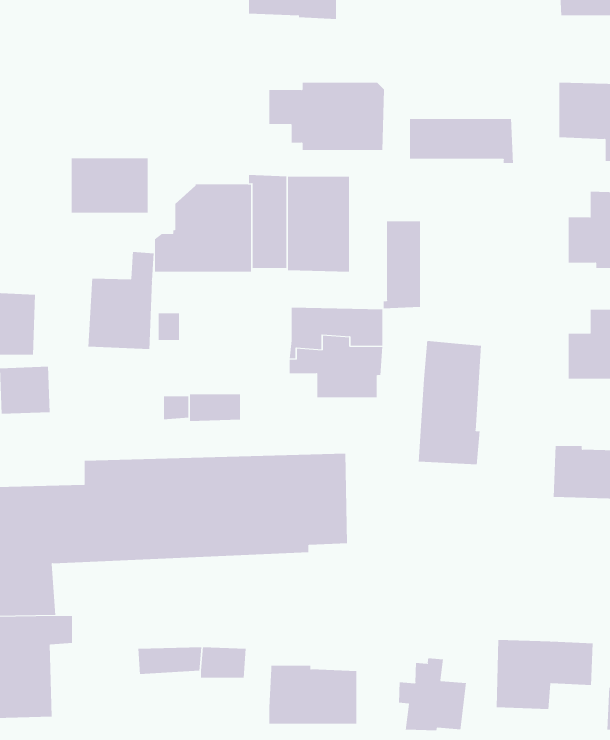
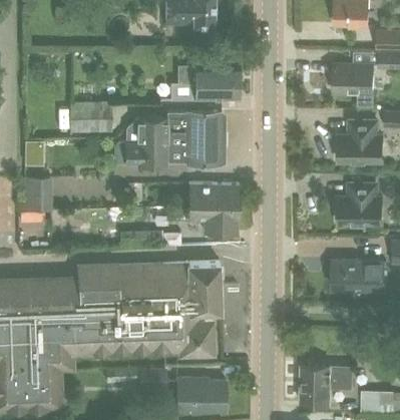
building: [409,118,513,164] -> none
building: [383,221,421,309] -> none
building: [88,251,154,350] -> none
building: [418,340,481,465] -> none
building: none -> [59,317,211,354]
building: [399,657,467,731] -> none

